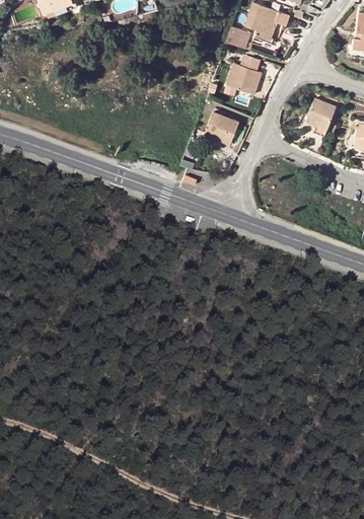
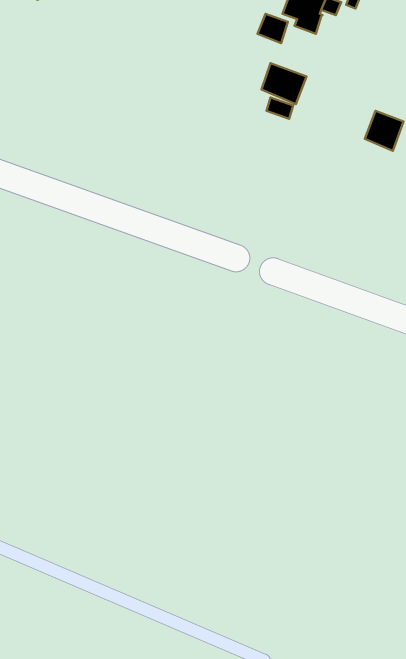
building: [206,112,240,143] -> none

